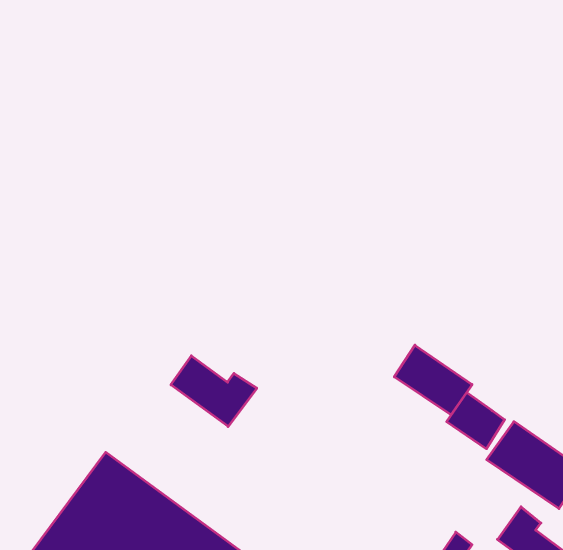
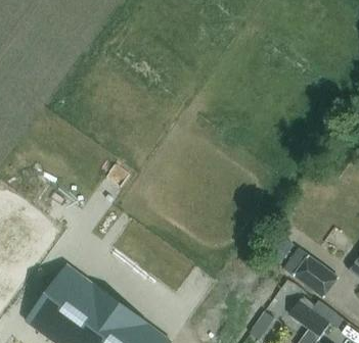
building: [394,345,472,415] -> none
building: [171,356,257,427] -> none

